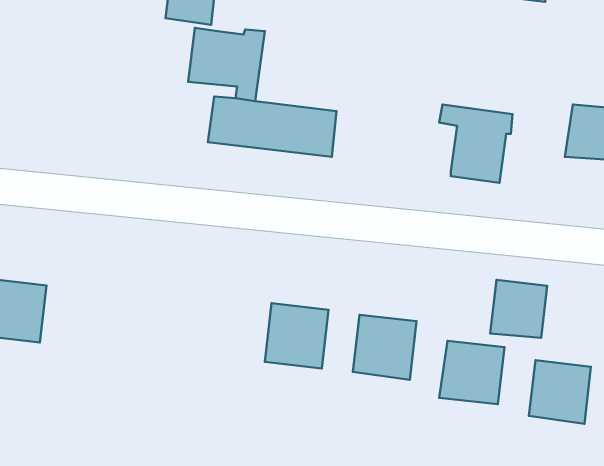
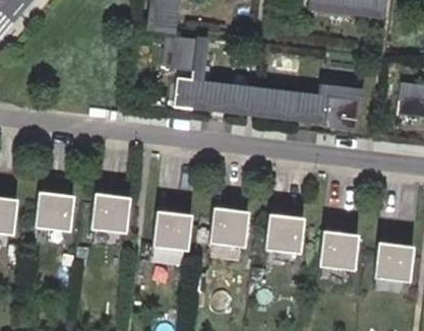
building: none -> [251,86,329,124]
building: [490,280,547,338] -> none
building: none -> [90,192,130,233]
building: none -> [153,210,192,250]

